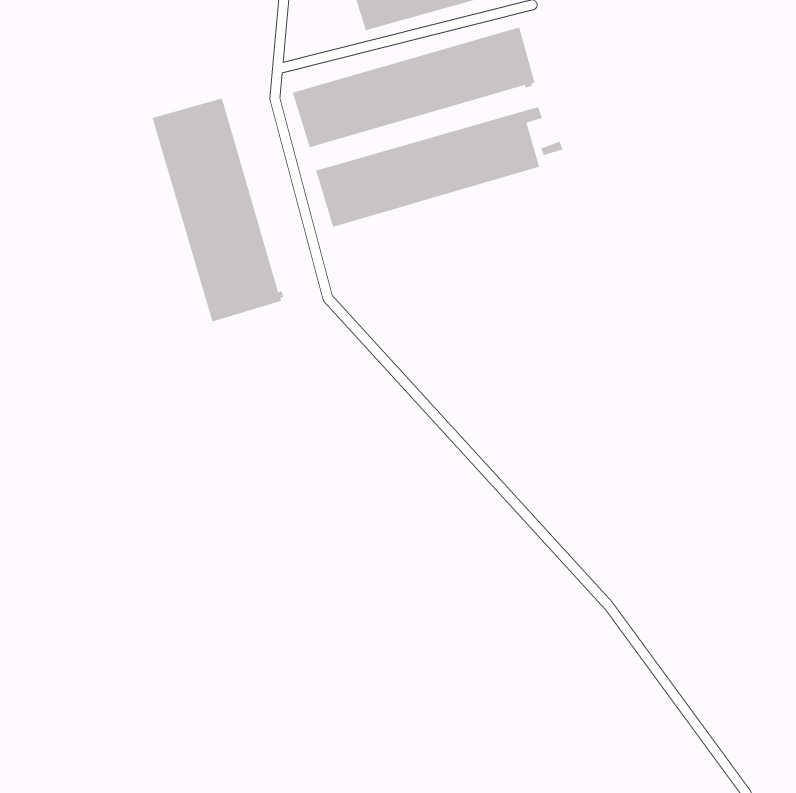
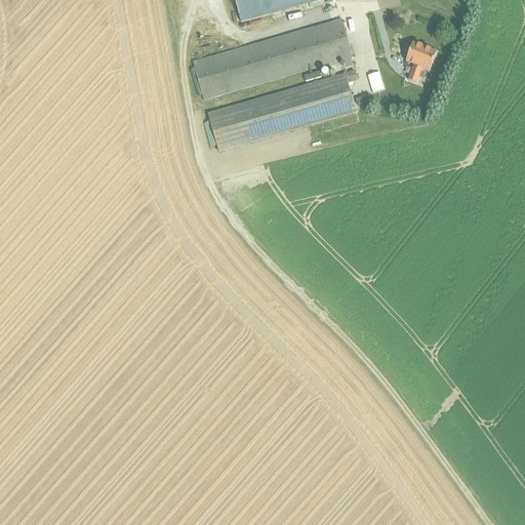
building: none -> [405,41,435,80]
building: [152,98,284,322] -> none

